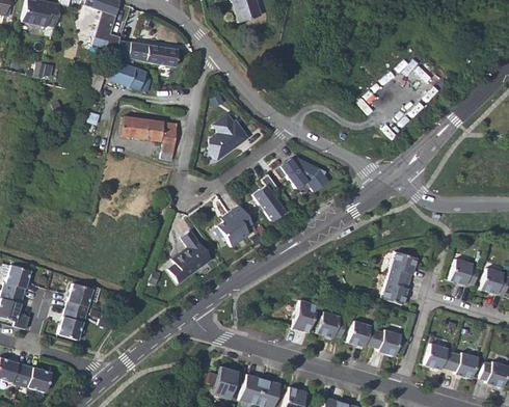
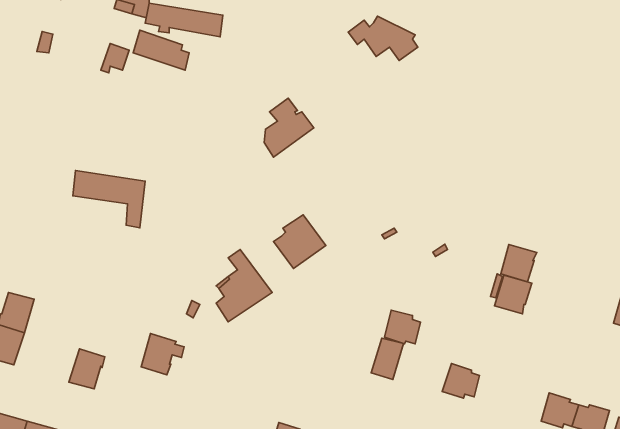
building: [122,116,178,161] -> [73,170,145,228]
building: [274,157,328,191] -> [348,16,418,60]
building: [253,173,285,220] -> none
building: [450,259,479,284] -> none
building: [382,275,410,304] -> [501,244,537,282]
building: [66,282,100,315] -> [141,333,184,375]
building: [318,311,346,337] -> [384,310,421,344]
building: [373,329,401,355] -> none

